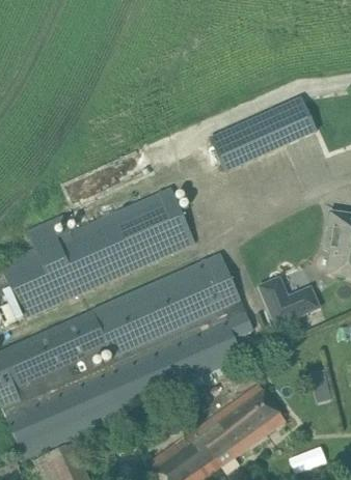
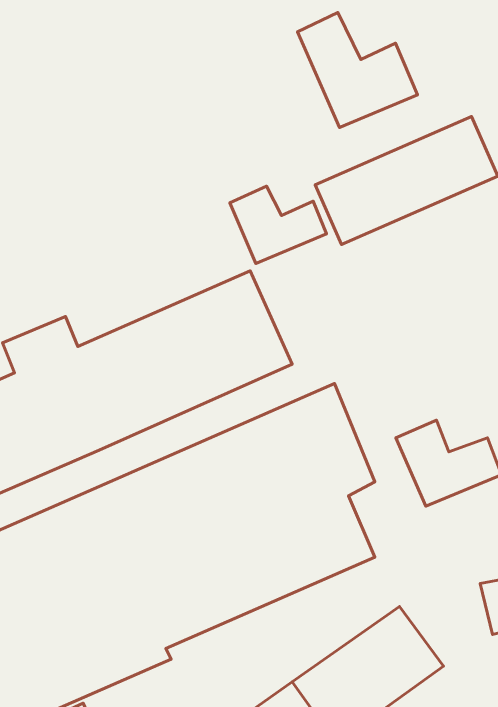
building: none -> [298,13,417,127]
building: none -> [230,186,327,263]

